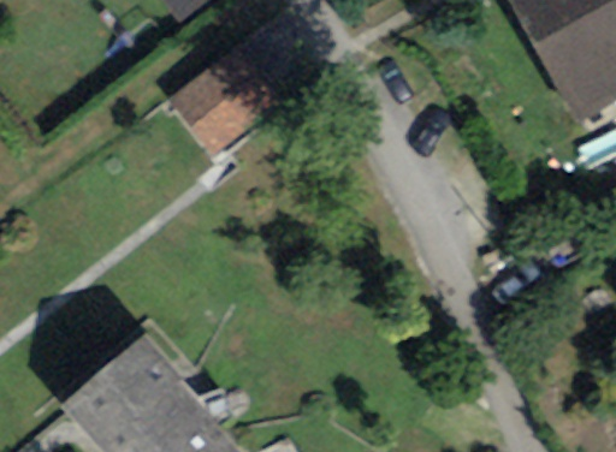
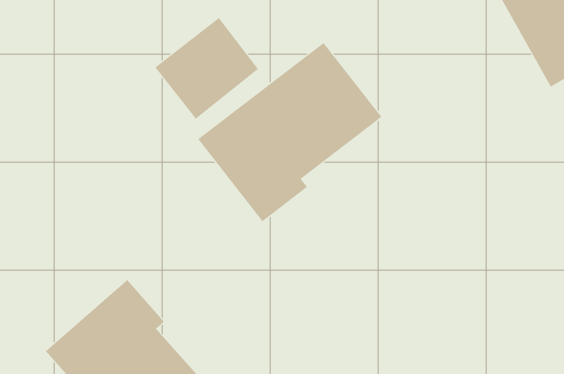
building: none -> [197,42,382,222]

